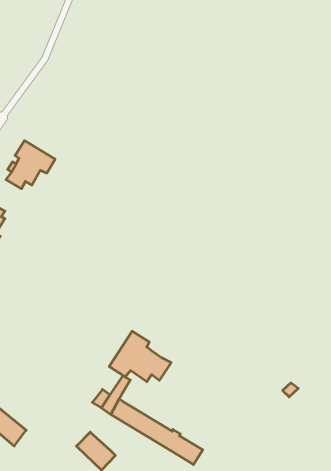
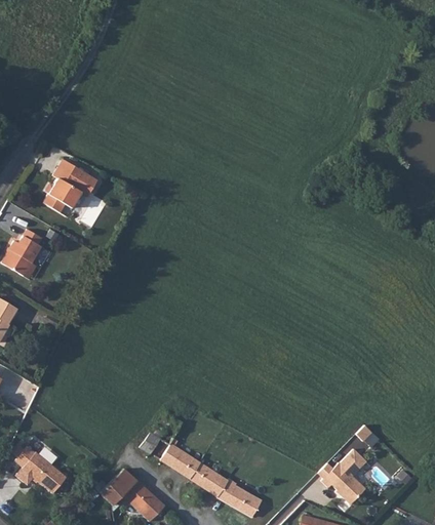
building: [109,331,171,382] -> none
building: none -> [317,449,362,504]
building: none -> [98,470,137,507]

